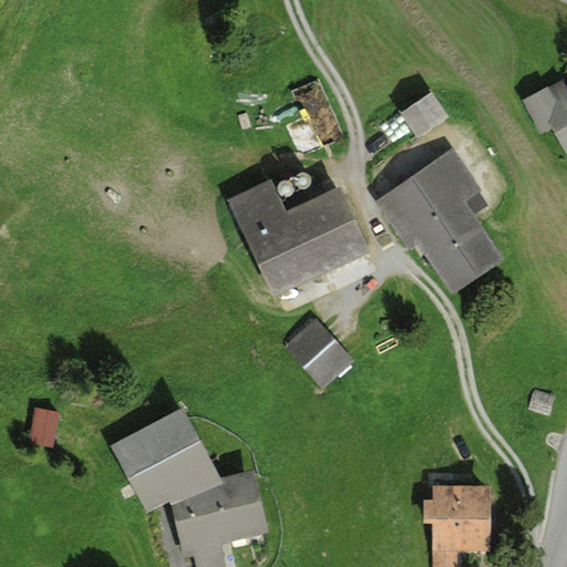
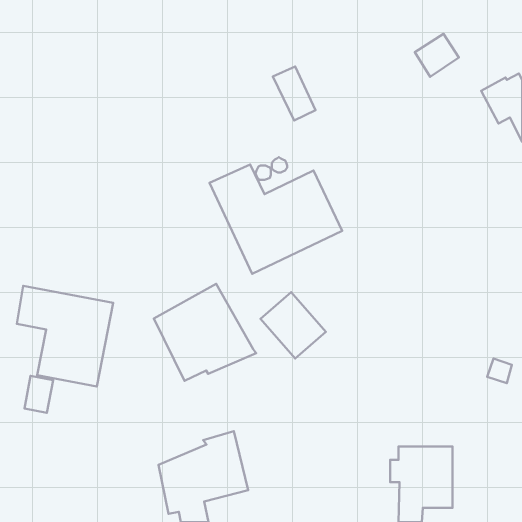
building: [401,91,449,137] -> [415,34,459,77]
building: [375,147,504,293] -> none
building: none -> [17,286,113,387]
building: [113,406,224,512] -> [154,284,256,381]

